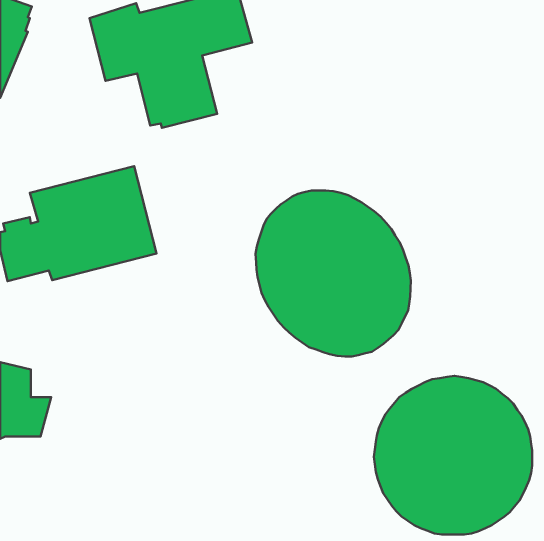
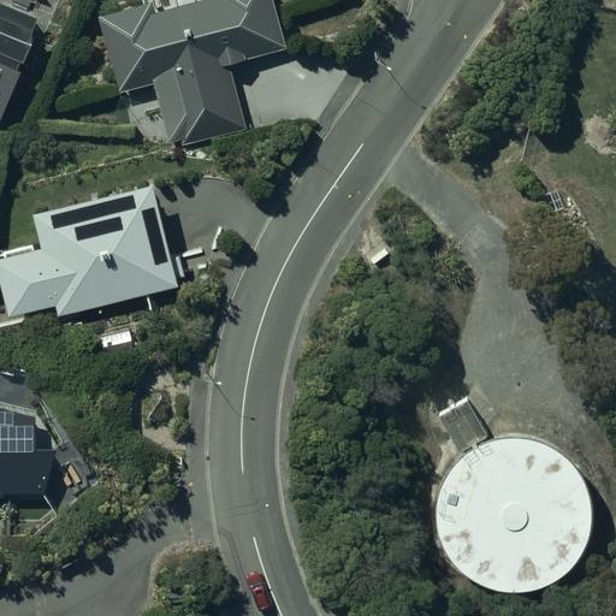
building: [256,190,411,356] -> none

